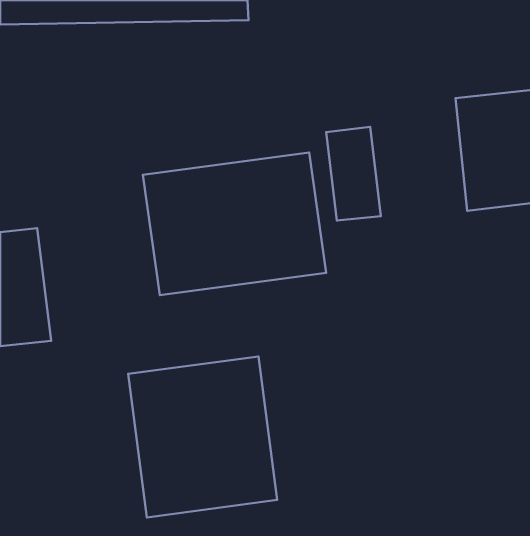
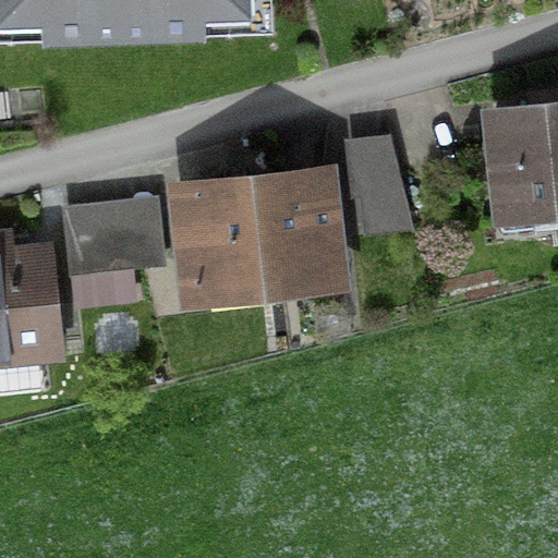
building: none -> [68,201,149,278]
building: [128,356,277,518] -> none

